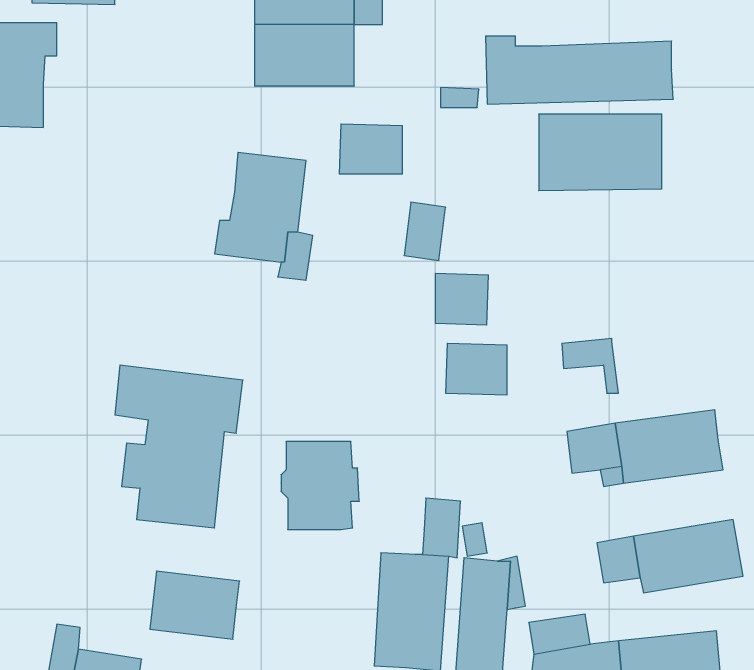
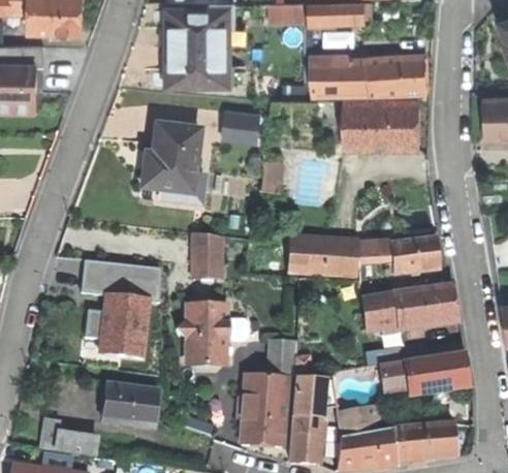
building: [435,273,488,325] -> [324,245,357,277]
building: none -> [193,233,223,279]
building: none -> [389,239,440,275]

